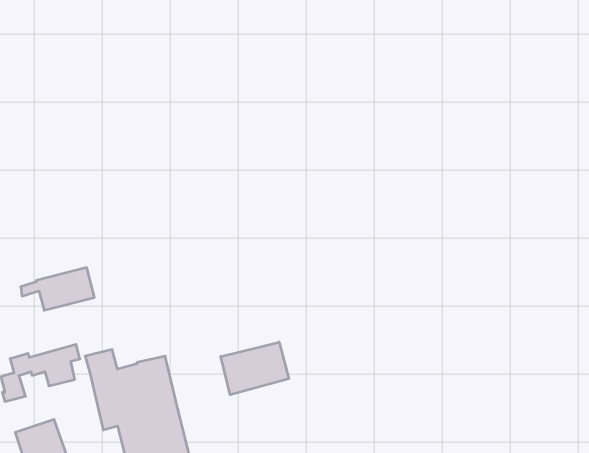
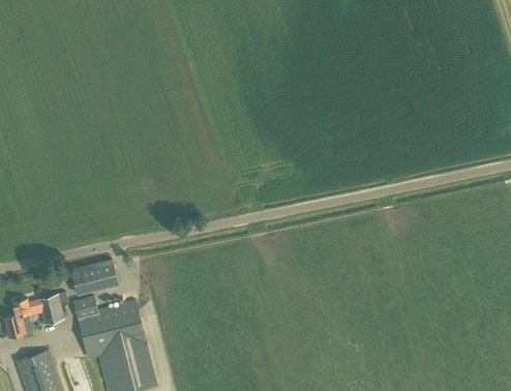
building: [21,268,94,310] -> [59,260,118,294]
building: [221,342,289,395] -> none

